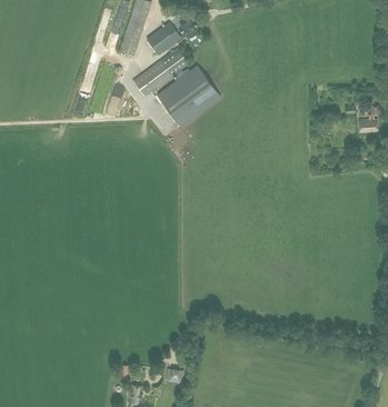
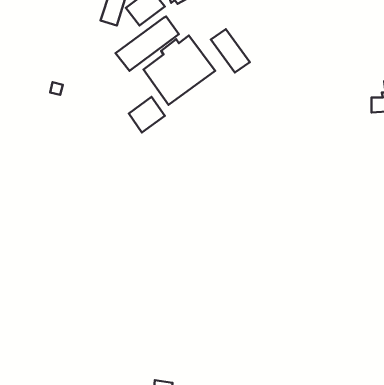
building: none -> [211,29,250,72]
building: none -> [129,97,165,132]

